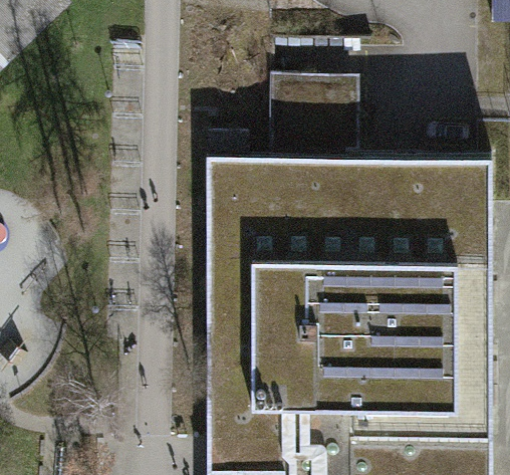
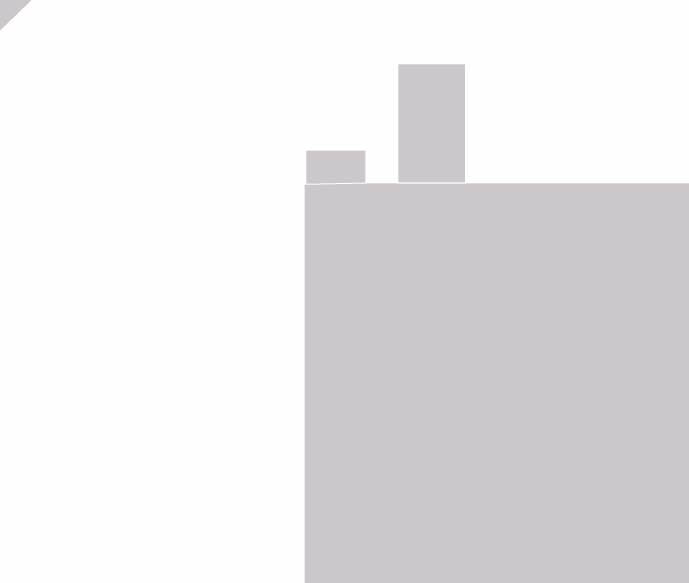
building: [316,78,359,159] -> none

